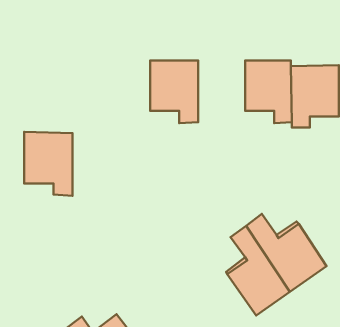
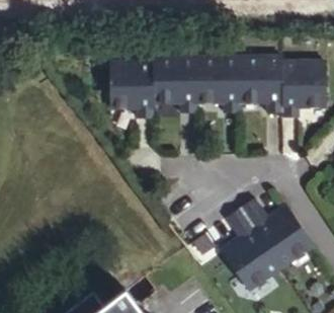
building: none -> [199,58,242,114]
building: [24,132,72,196] -> [112,62,156,120]

